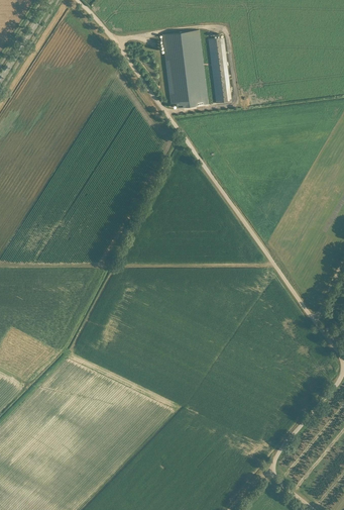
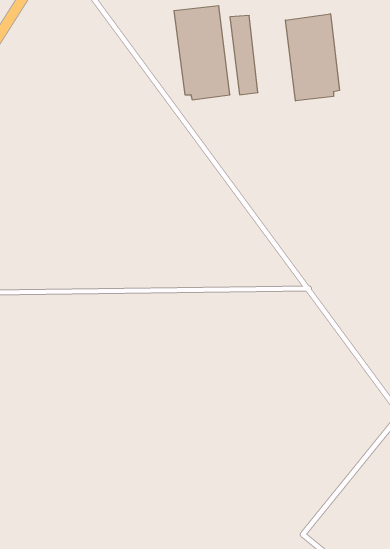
building: none -> [285,14,339,101]

